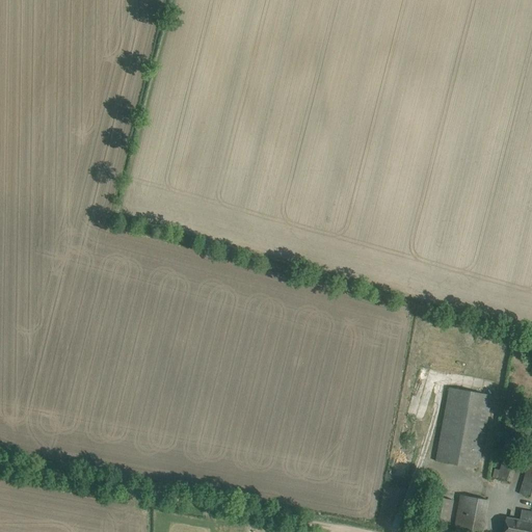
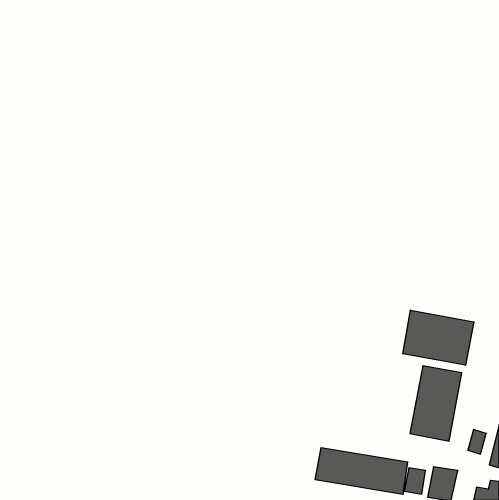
building: none -> [403,310,474,365]
building: none -> [315,448,408,494]

